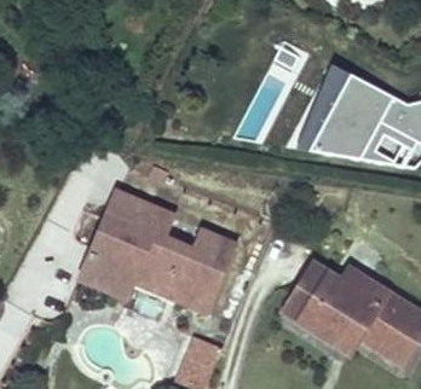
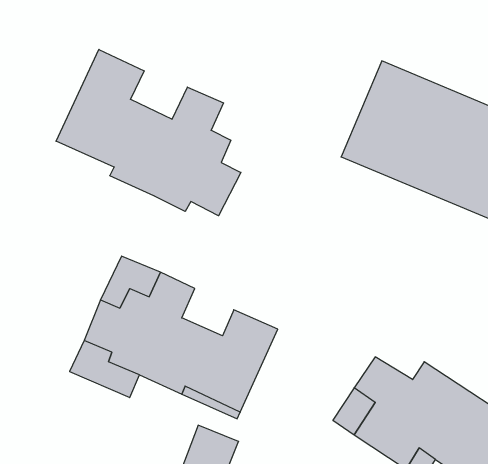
building: none -> [56,49,241,216]

